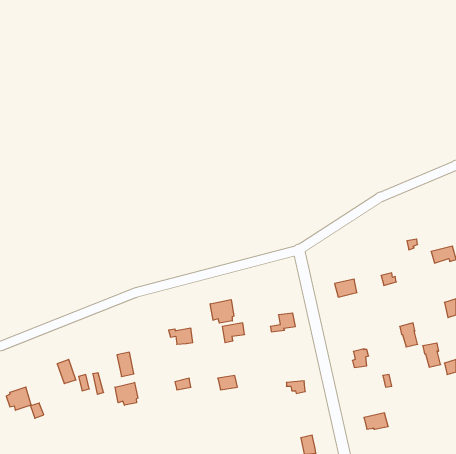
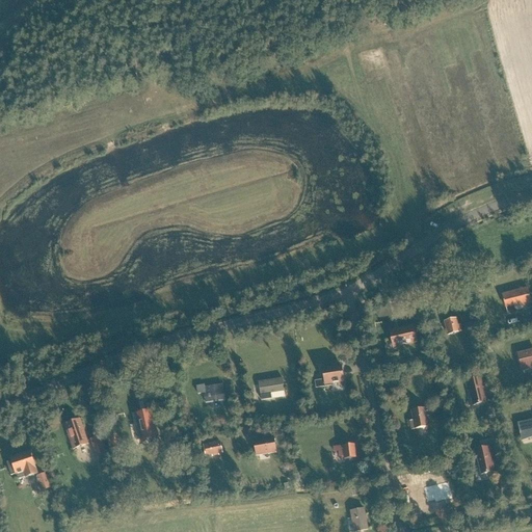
building: [210,300,234,323] -> none
building: [423,343,441,367] -> [474,446,495,474]
building: [115,382,138,405] -> none

